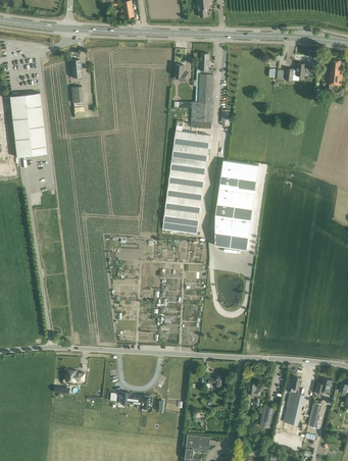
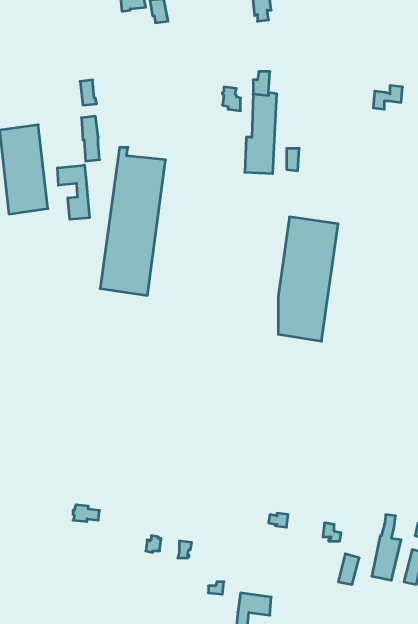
building: none -> [58,165,89,219]
building: [162,125,210,234] -> [100,147,166,295]

